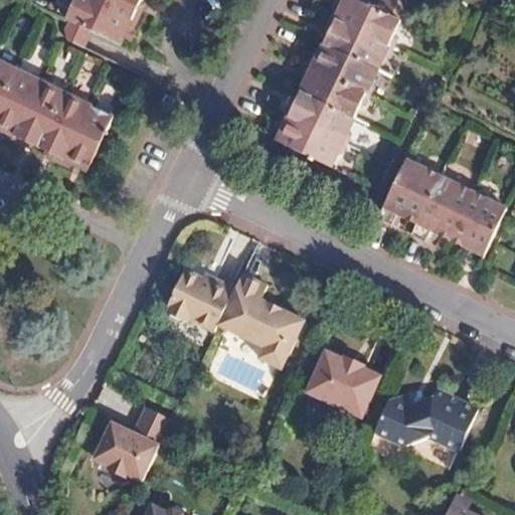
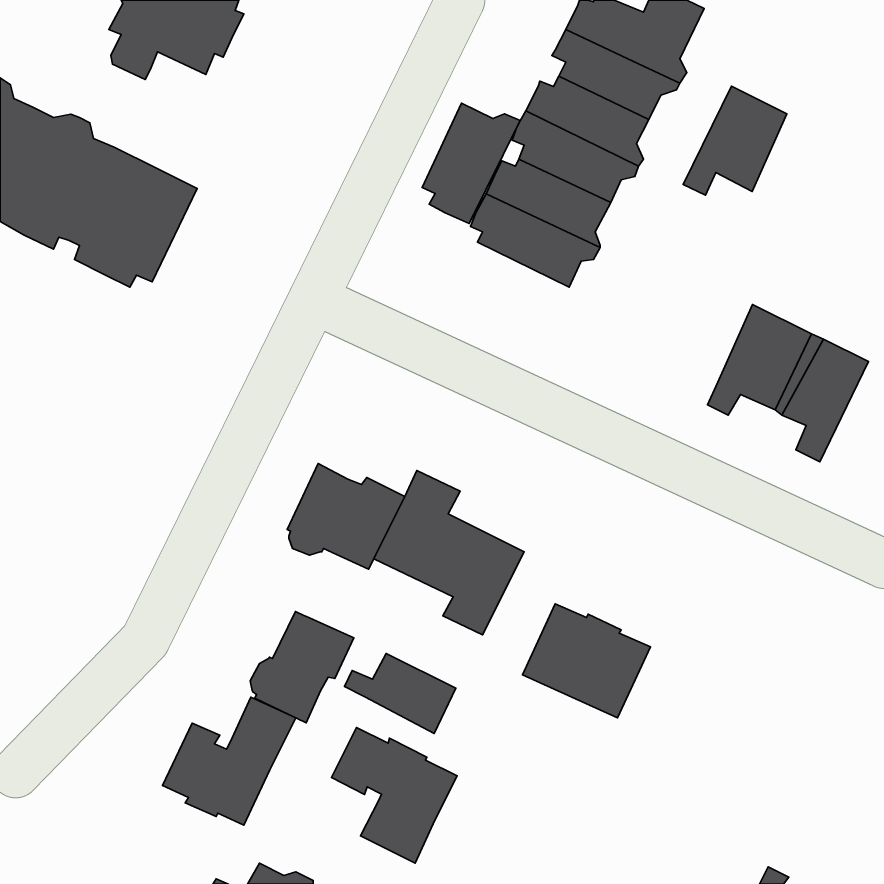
building: none -> [422,103,520,224]
building: [377,161,438,224] -> [683,86,787,195]
building: none -> [250,612,354,723]
building: none -> [345,653,456,734]
building: [371,392,475,452] -> none
building: none -> [331,728,457,863]

